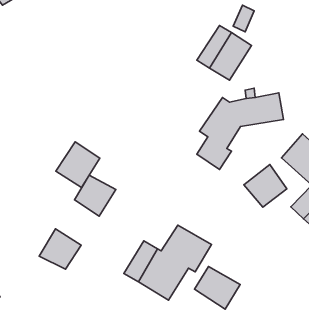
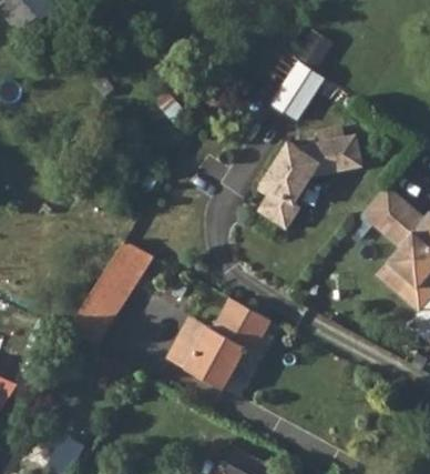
building: [56,142,100,188] -> [85,265,139,321]
building: [244,165,287,207] -> none
building: [194,267,240,309] -> none

